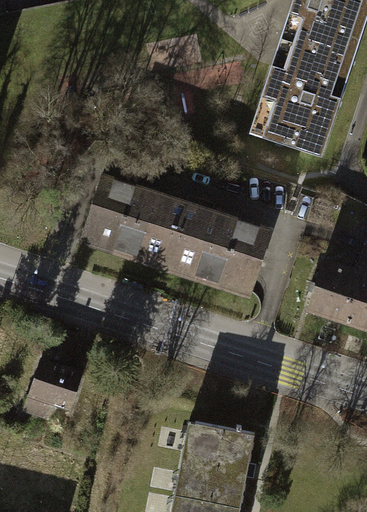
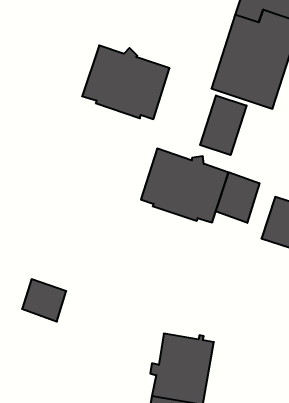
building: none -> [200,95,247,155]
building: [83,176,186,263] -> [82,45,170,119]
building: none -> [216,172,259,223]

